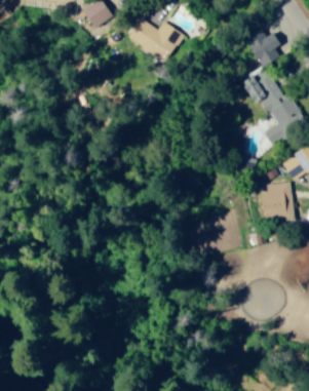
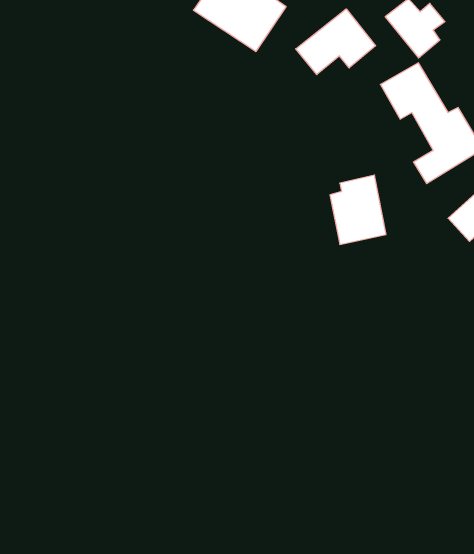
building: none -> [296,9,376,75]
building: [261,181,296,224] -> [330,175,386,244]

